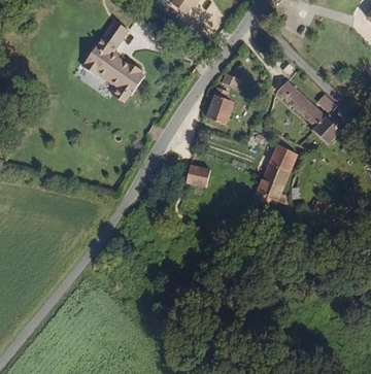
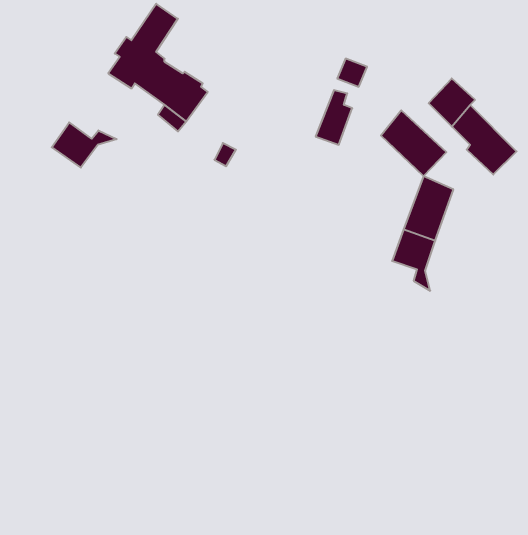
building: none -> [381,110,446,176]
building: none -> [52,122,117,168]
building: [187,166,213,190] -> none

